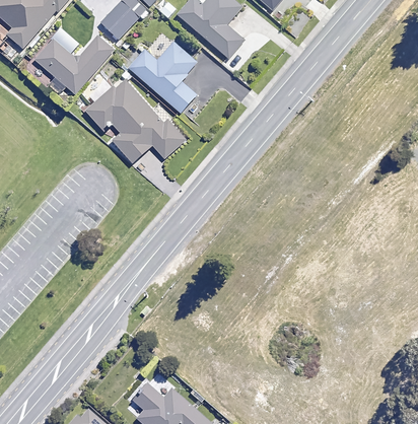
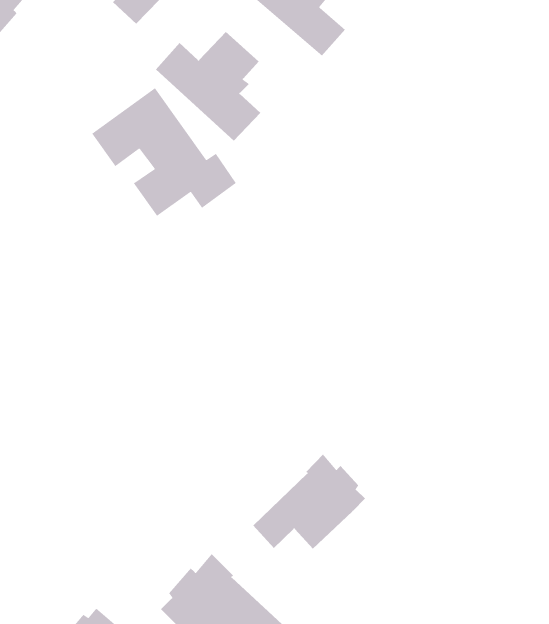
building: [37,38,111,92] -> none
building: none -> [253,454,366,550]

